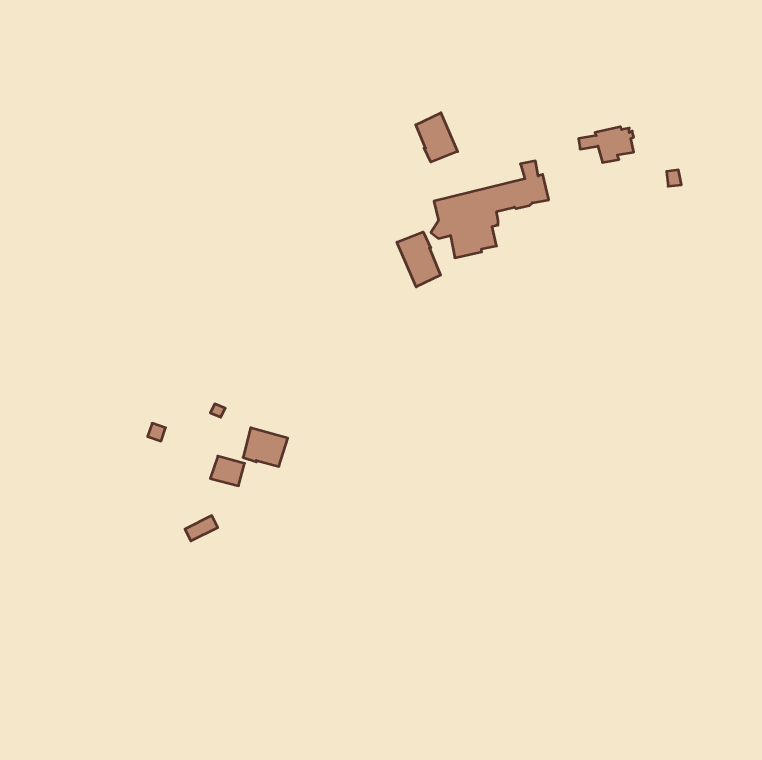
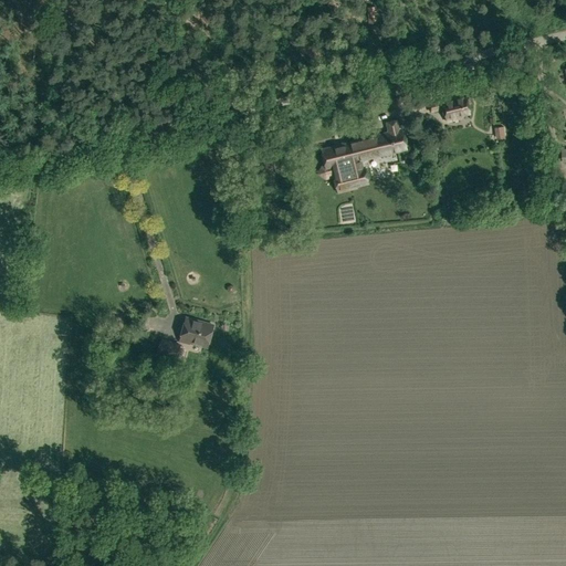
building: [416,113,458,162] -> none
building: [397,232,441,287] -> none

